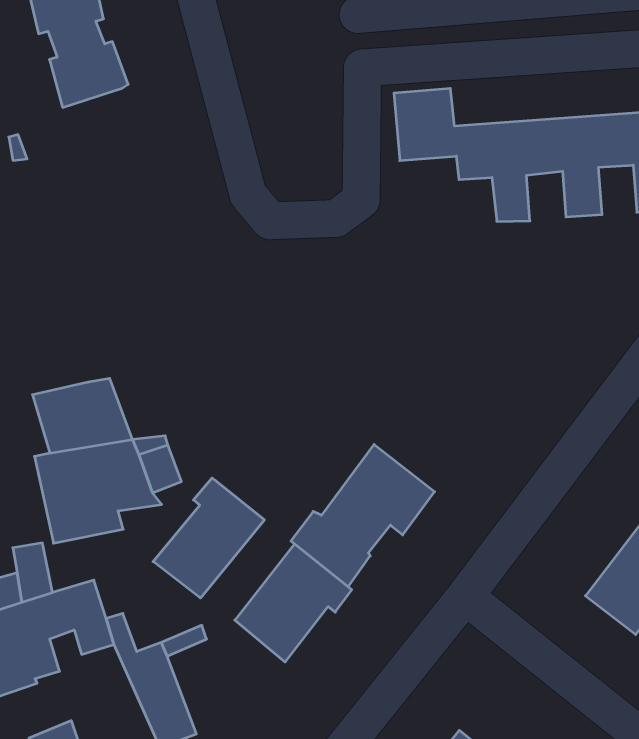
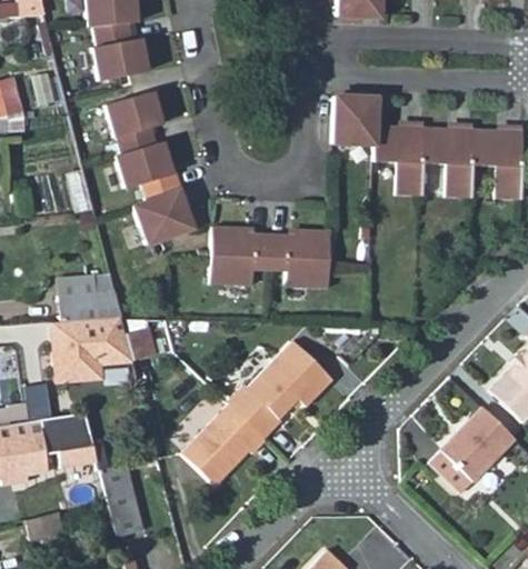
building: none -> [108,94,193,243]
building: none -> [209,227,329,287]
building: [153,478,264,598] -> none

